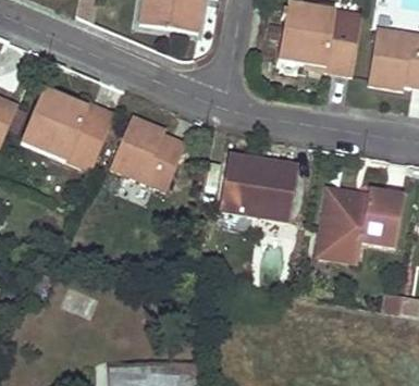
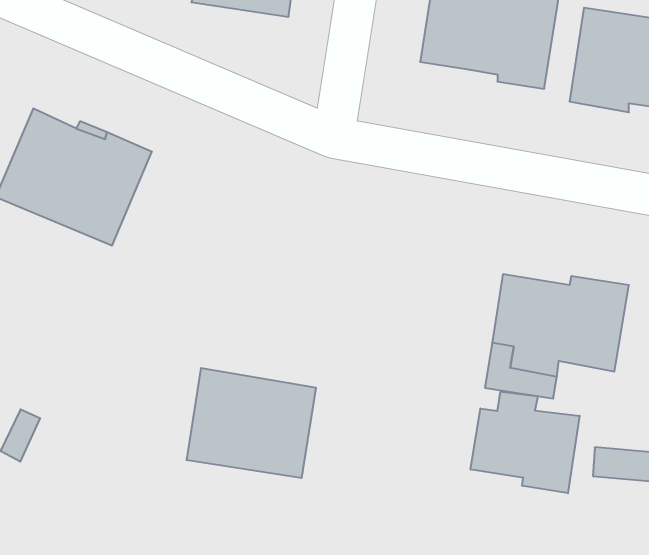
building: [110,115,186,191] -> none
building: [220,154,298,221] -> [186,368,316,478]
building: none -> [471,392,580,493]

